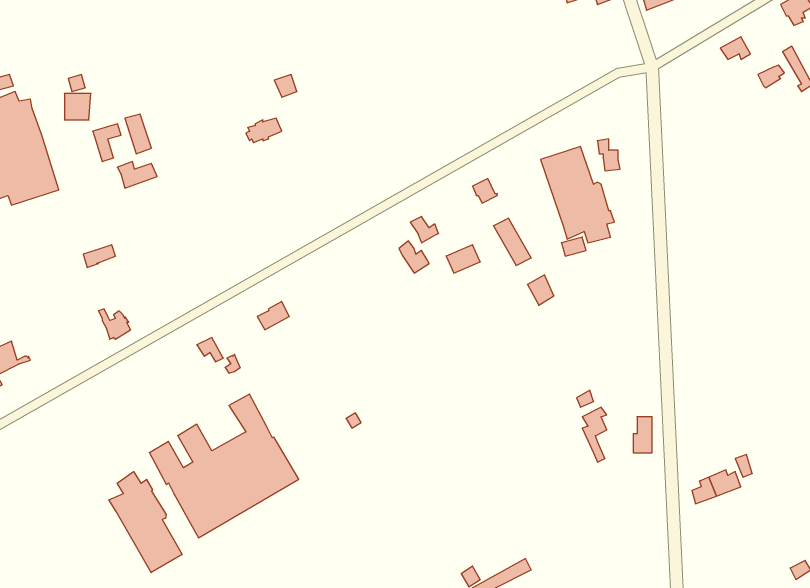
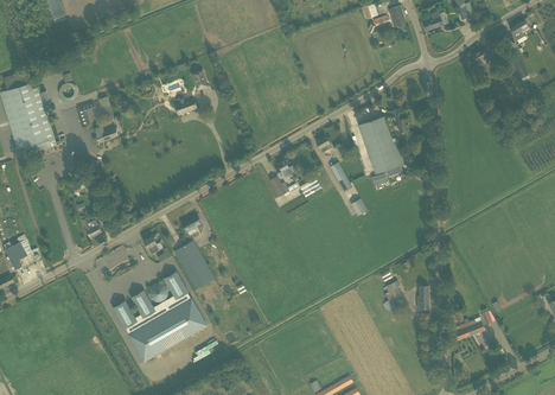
building: none -> [174,240,213,287]
building: [109,472,182,573] -> none

